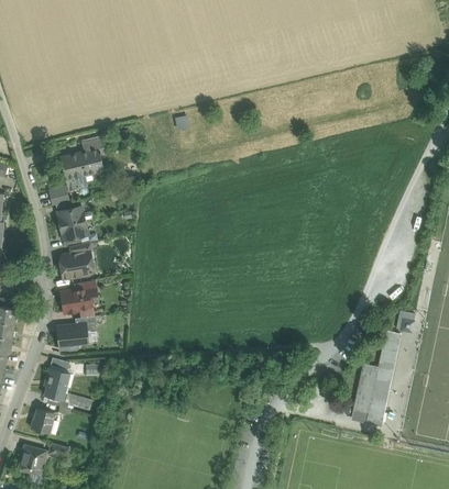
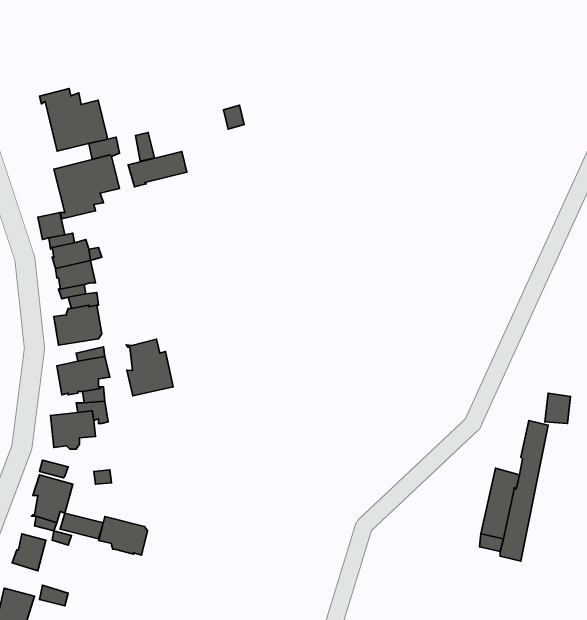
building: none -> [40,88,107,151]
building: none -> [128,152,187,187]
building: none -> [126,339,173,396]
building: none -> [99,517,148,555]

